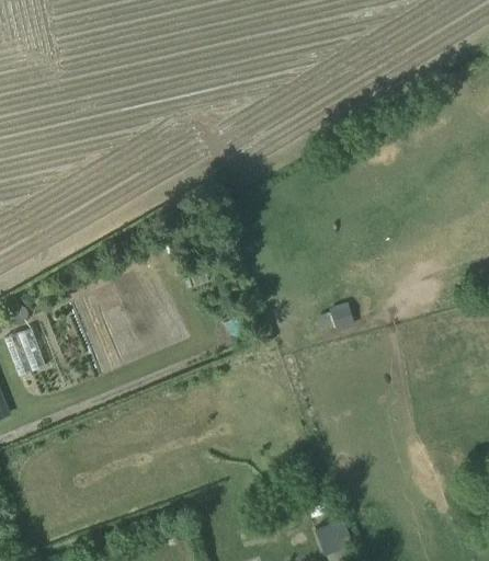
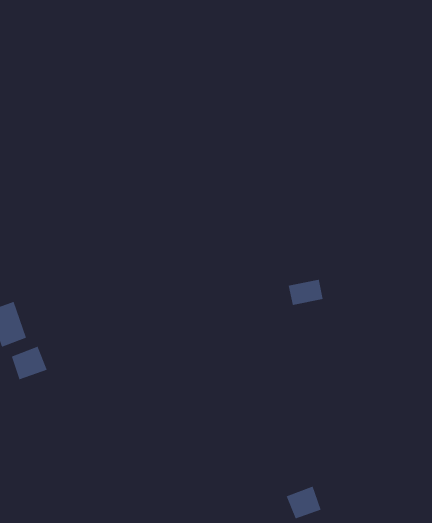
building: none -> [11,346,48,380]

